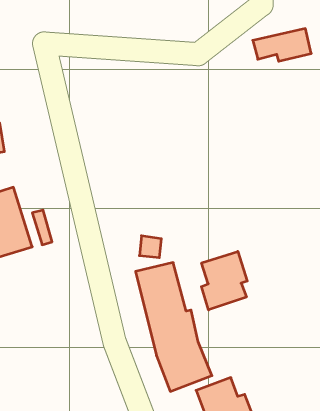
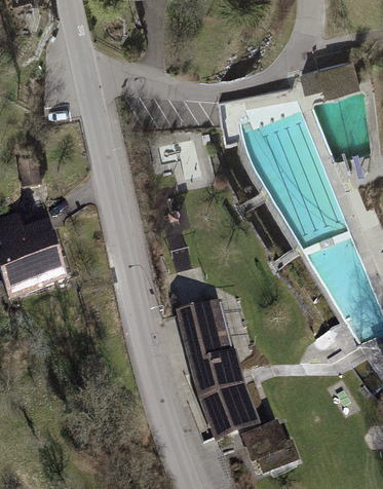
building: [201,251,247,310] -> none

